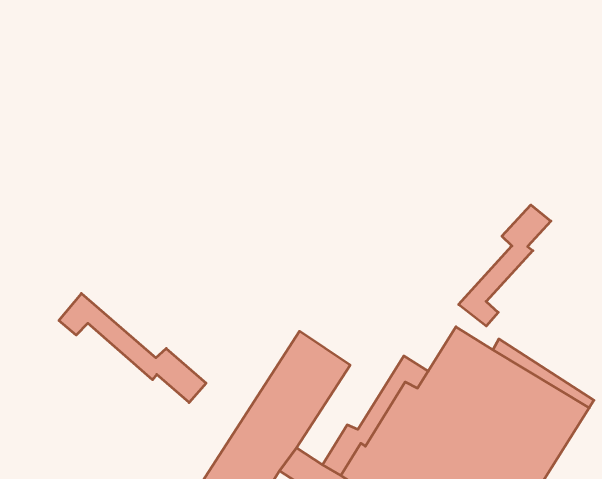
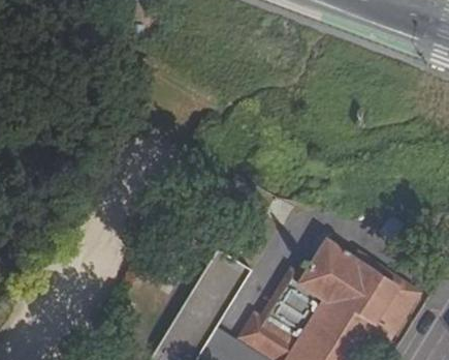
building: [459,205,551,326] -> none
building: [59,293,206,403] -> none

